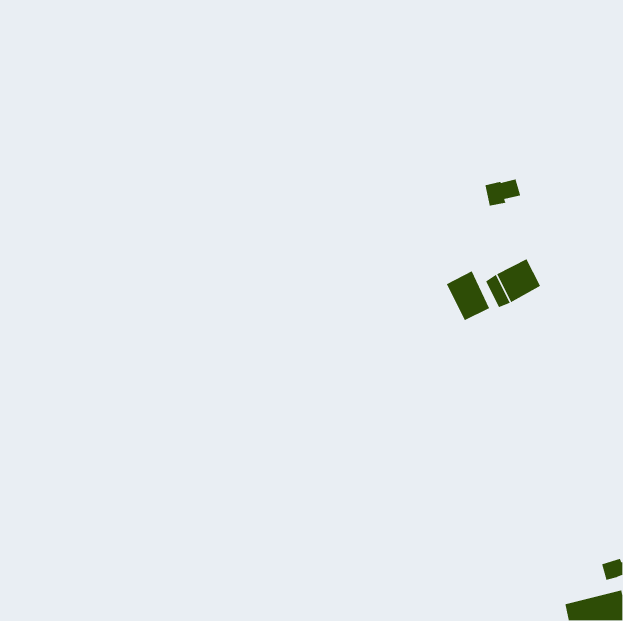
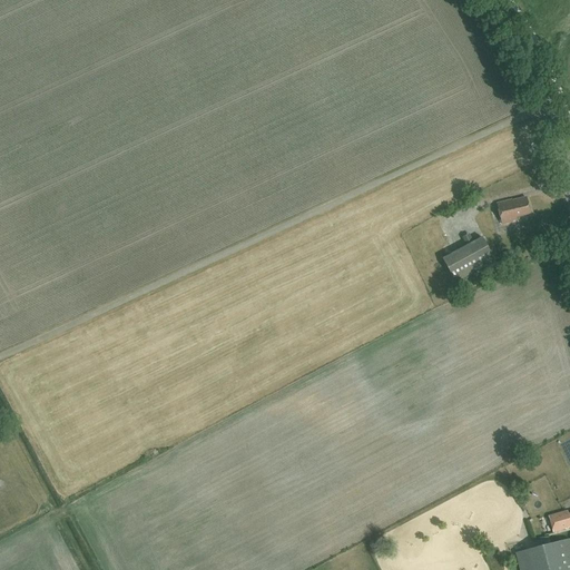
building: [484,179,521,207] -> [498,197,531,223]
building: [446,270,490,321] -> none

